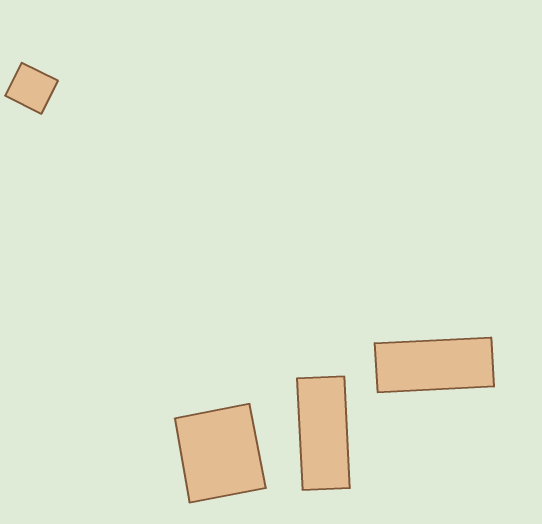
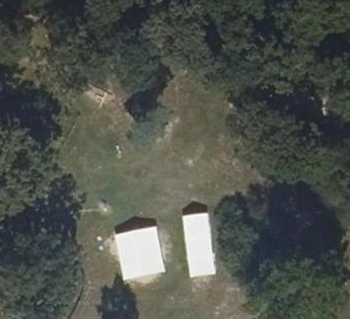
building: [375,337,494,392] -> none

